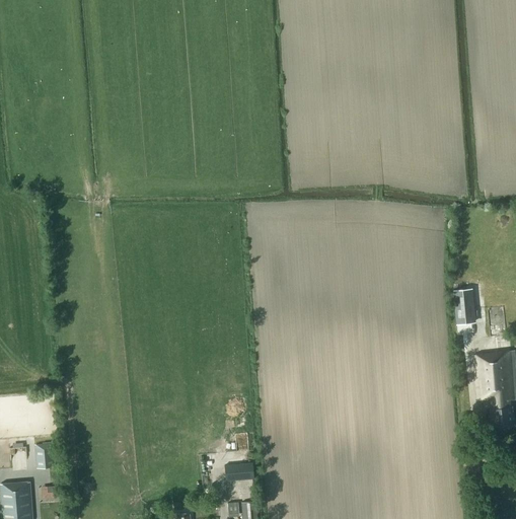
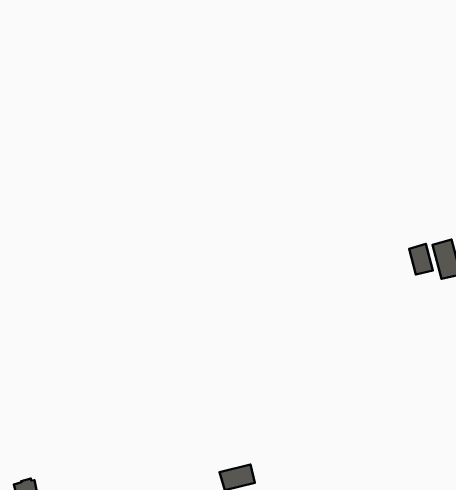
building: none -> [409,244,433,275]

